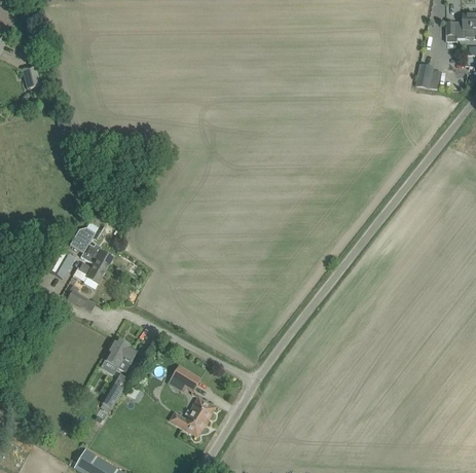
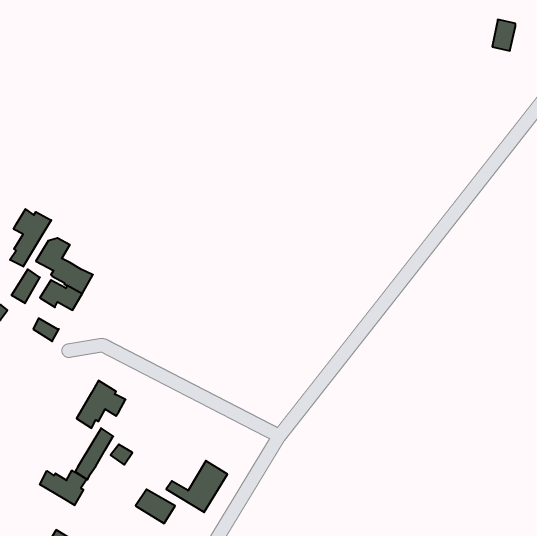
building: none -> [10,209,51,267]
building: [171,366,200,392] -> [136,489,175,523]
building: none -> [40,470,87,505]

